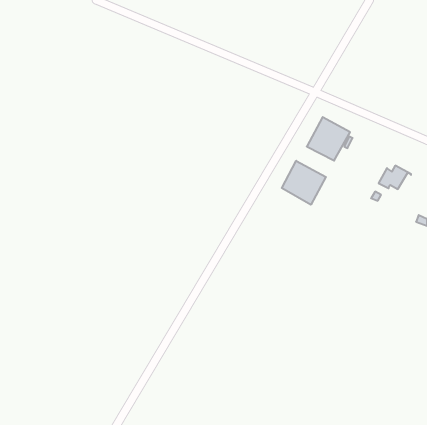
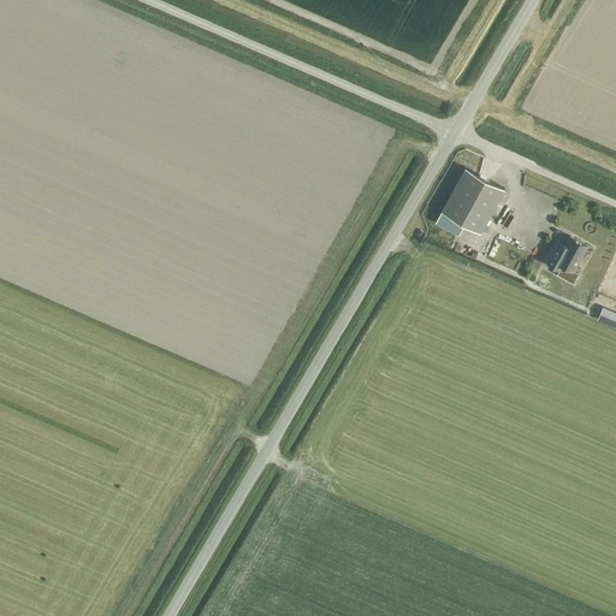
building: [282,161,326,205] -> none

